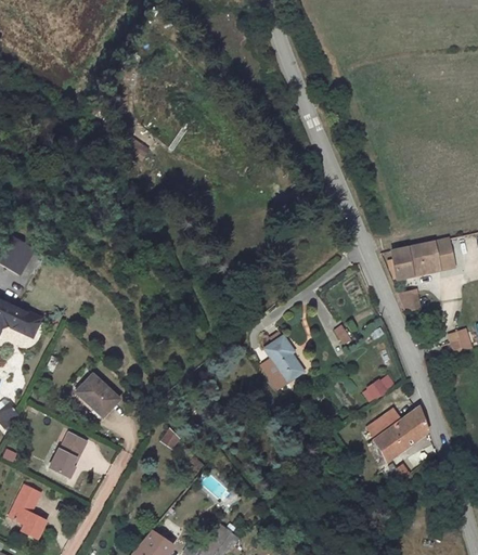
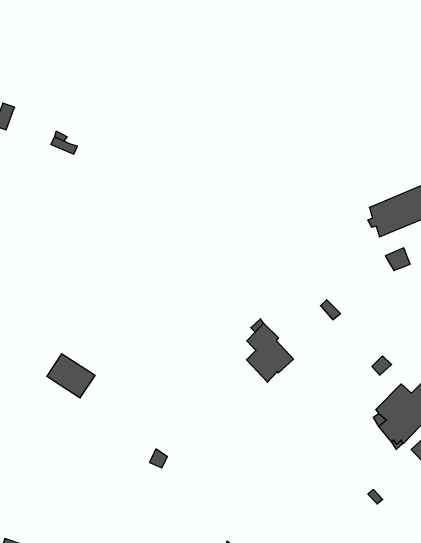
building: [77,375,119,416] -> [47,354,95,398]
building: [50,433,87,478] -> none

